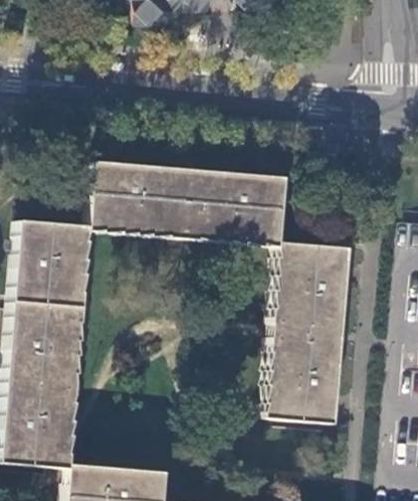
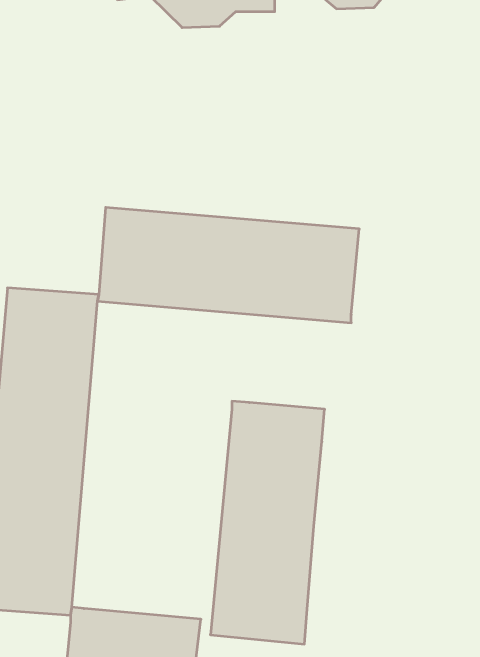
building: [265,241,351,424] -> [210,401,325,644]

